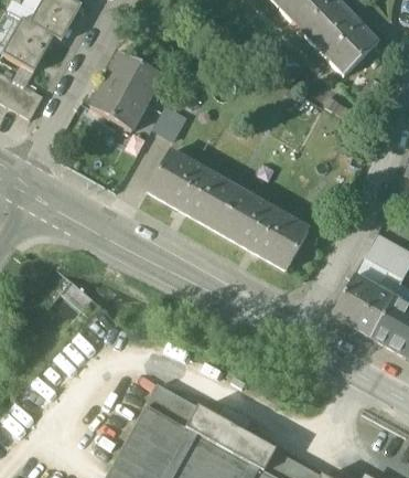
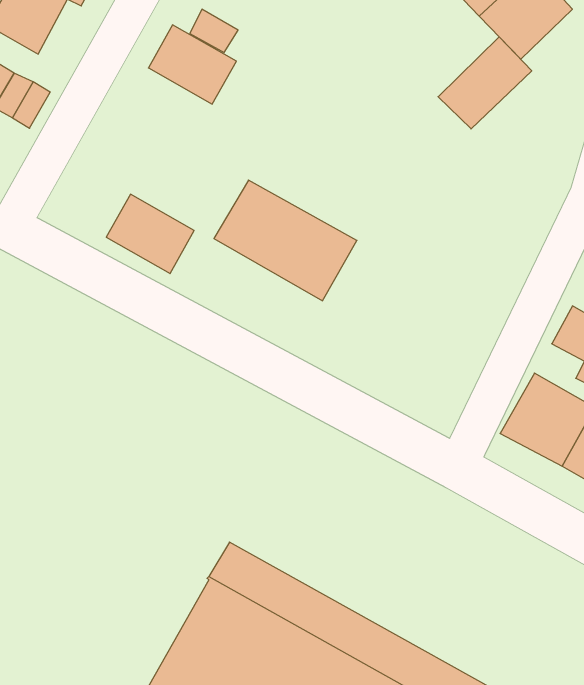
building: none -> [438,37,532,129]
building: [90,81,147,131] -> [106,194,194,274]
building: [153,106,186,139] -> none
building: [217,191,308,269] -> none

